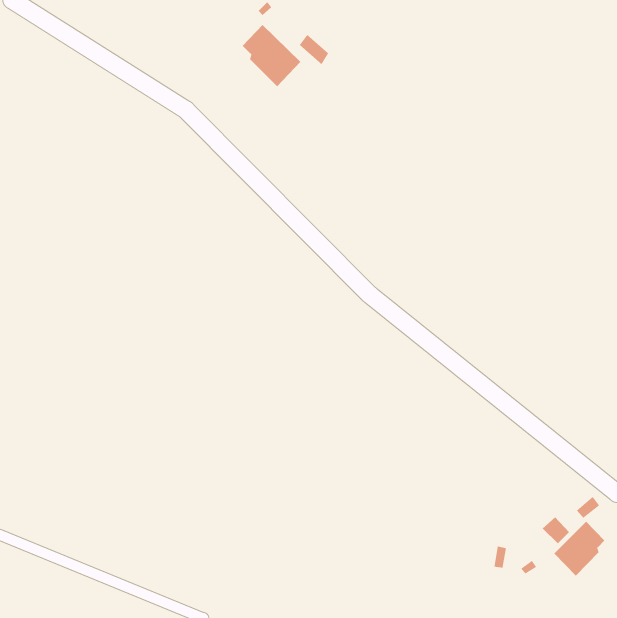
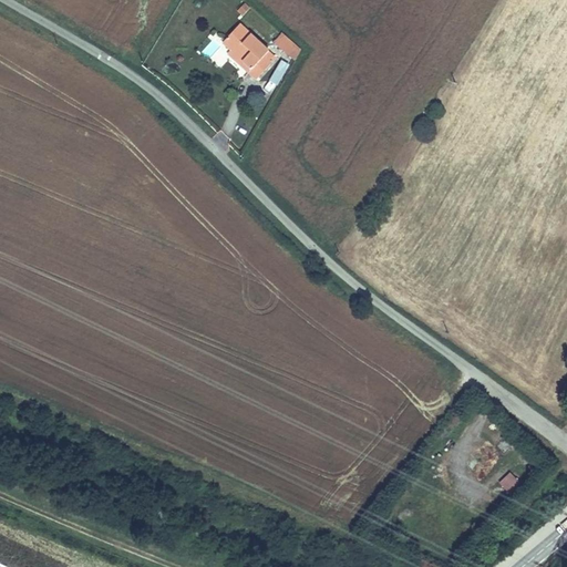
building: [553,521,605,577] -> none

